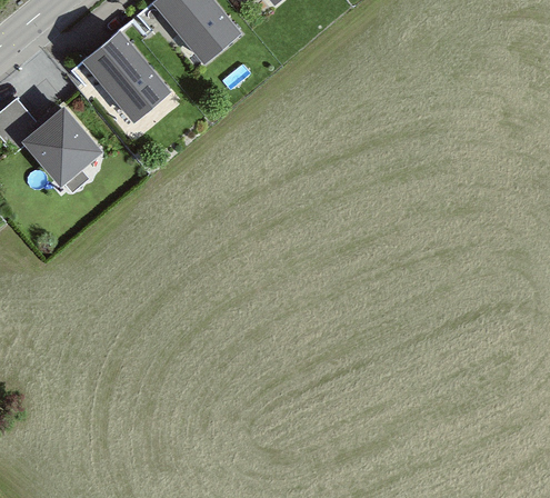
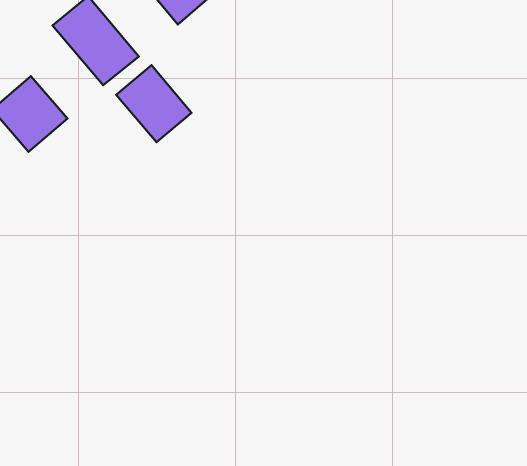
building: none -> [116,65,192,142]

